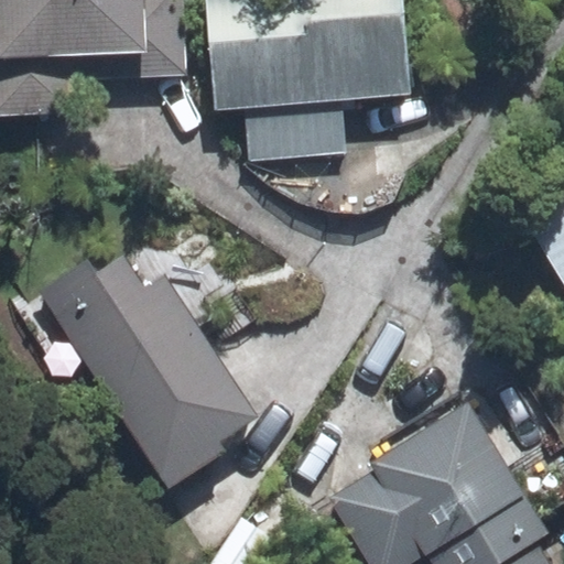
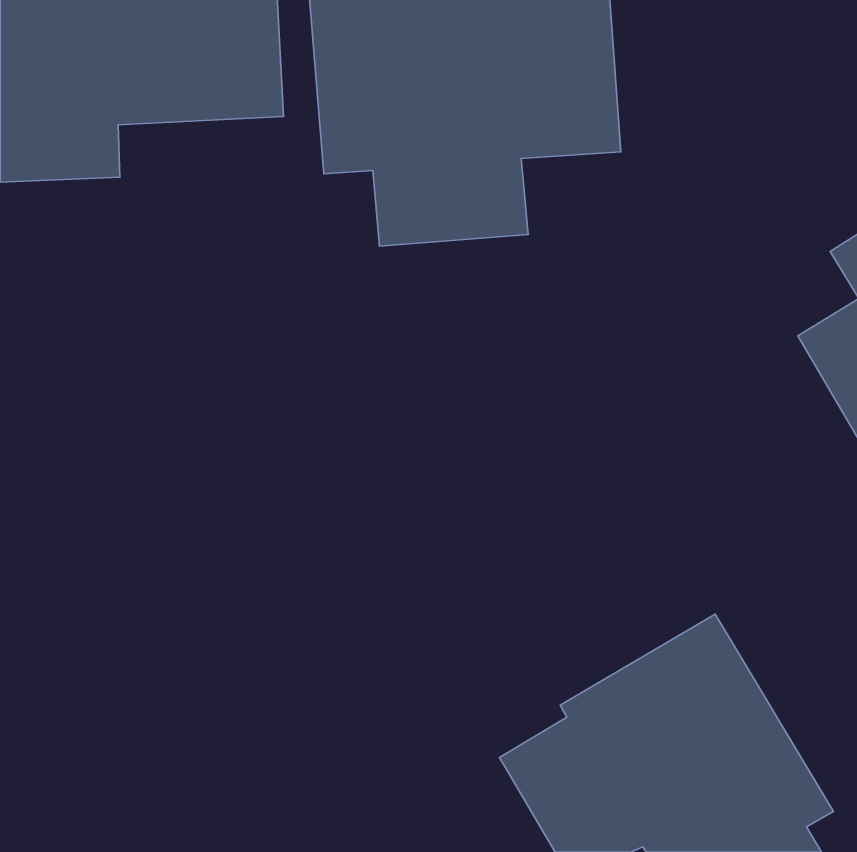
building: [41,257,256,486] -> none

